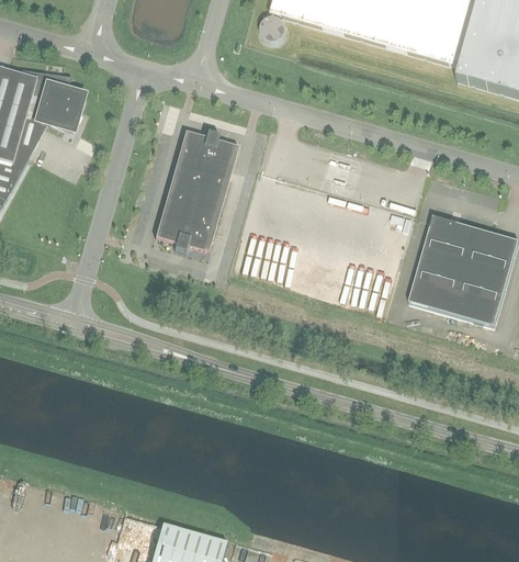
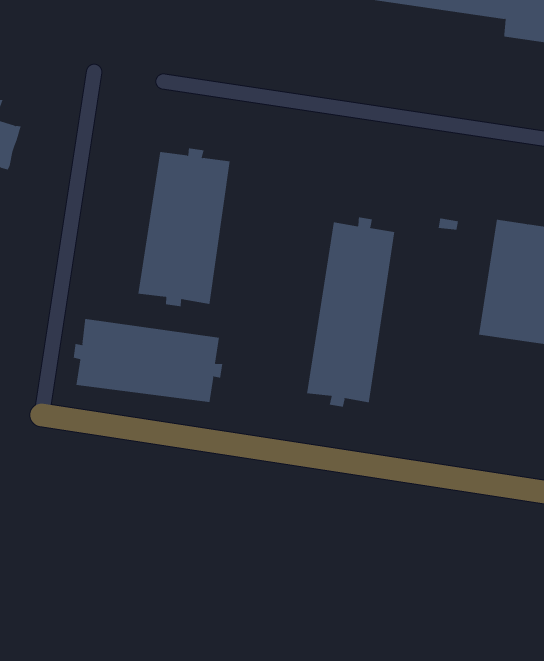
building: none -> [306,216,395,407]
building: none -> [73,318,223,403]

